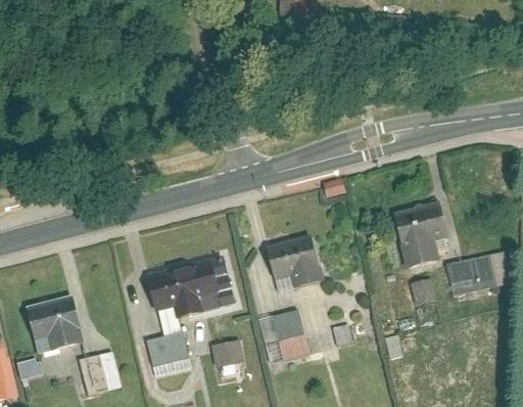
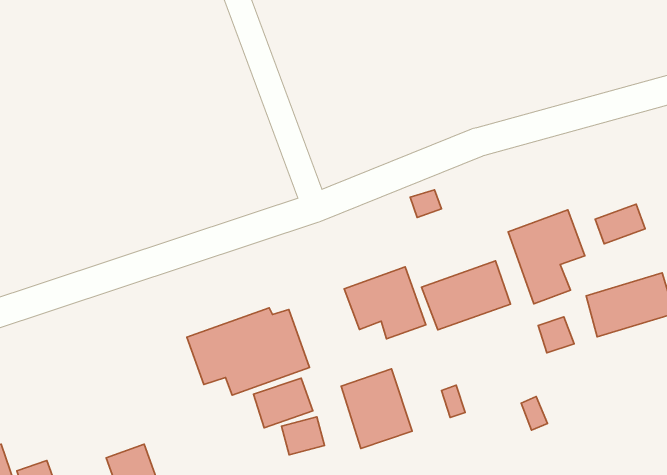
building: none -> [595,204,645,244]
building: none -> [422,261,511,330]
building: [26,296,85,351] -> none
building: [146,332,189,367] -> [254,378,313,428]

